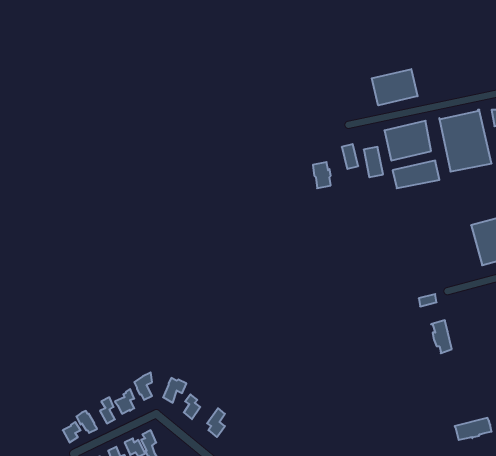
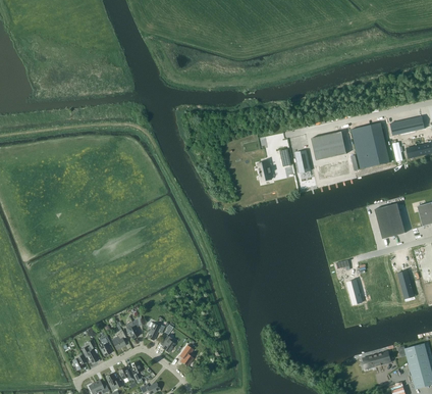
building: [372,69,418,105] -> none

